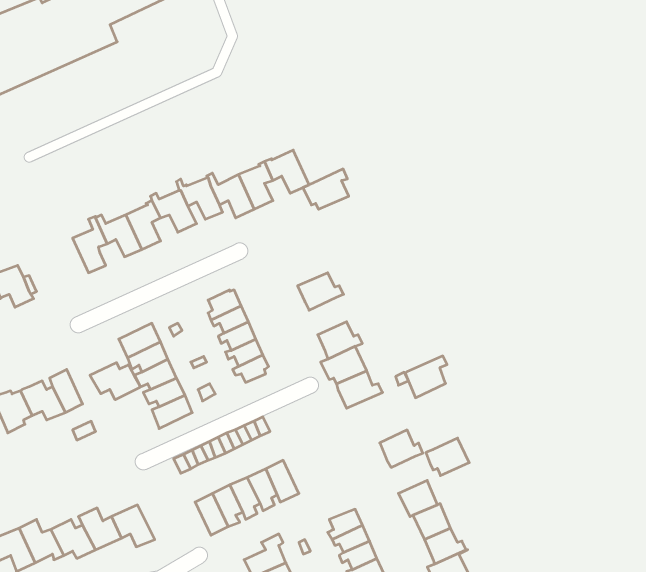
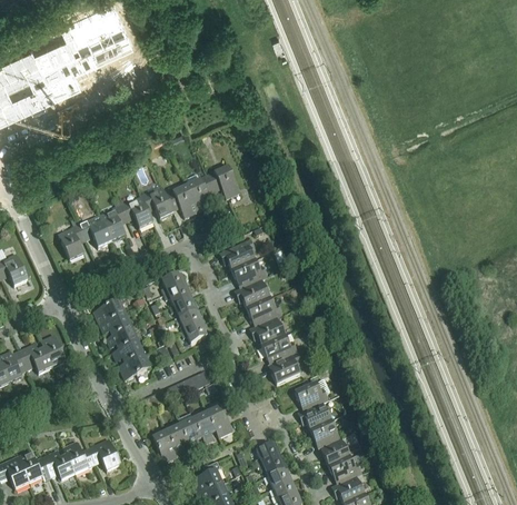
building: [303,169,349,209] -> [220,239,256,270]
building: none -> [236,279,270,308]
building: [405,356,447,398] -> [269,353,301,385]
building: [90,363,140,400] -> none
building: [426,438,469,476] -> [299,402,332,430]

